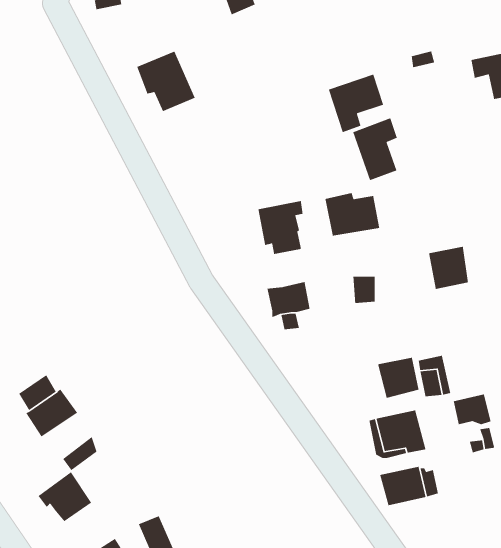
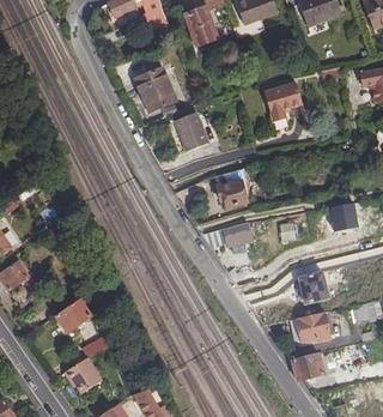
building: [352,117,398,181] -> none
building: none -> [172,114,207,153]
building: [325,192,380,237] -> none

